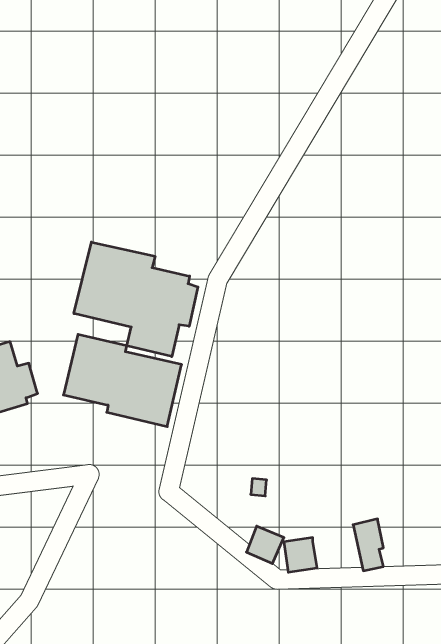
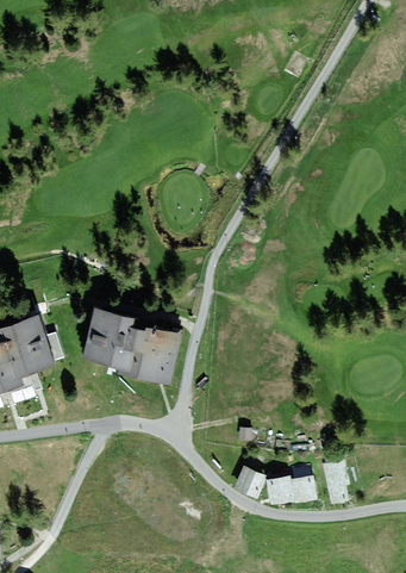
building: [74,242,198,357] -> none
building: none -> [289,477,316,502]

